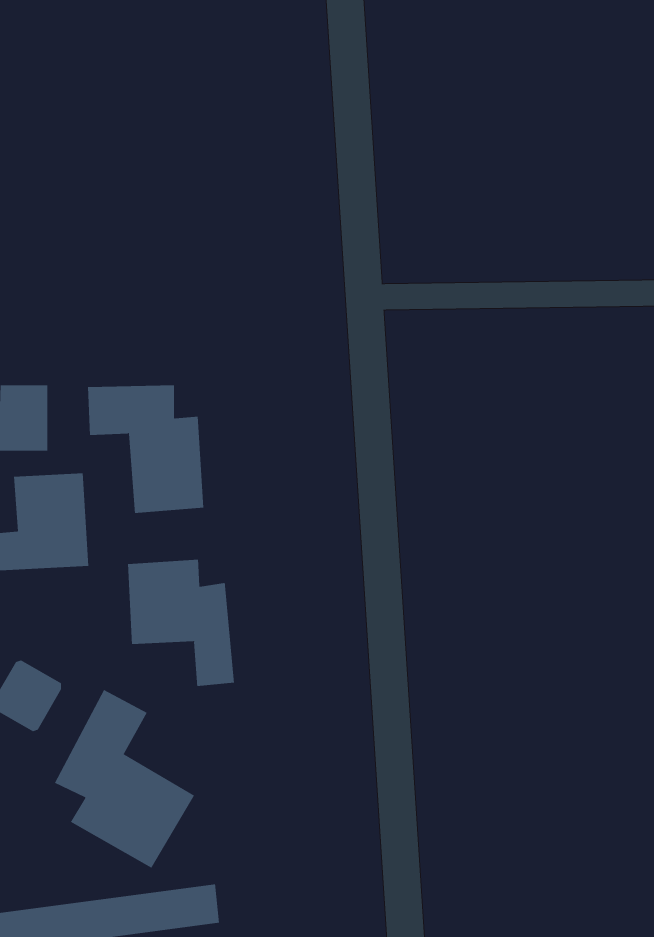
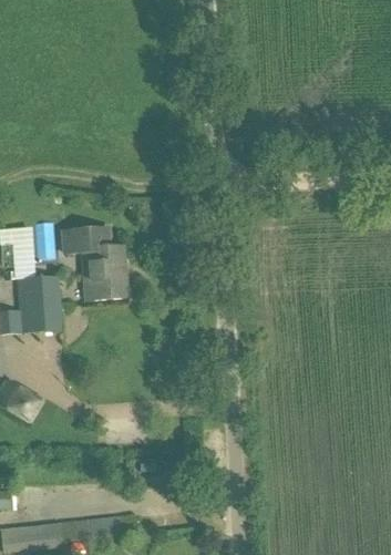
building: [127,559,235,687] -> none
building: [54,689,195,869] -> none

